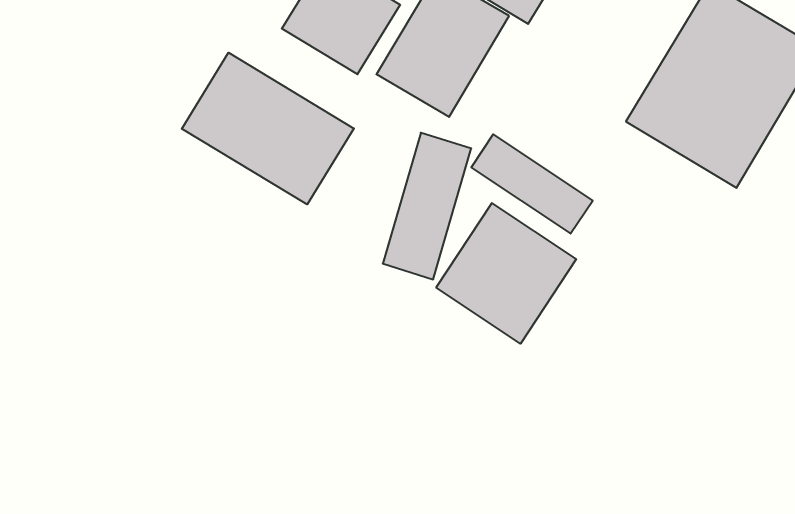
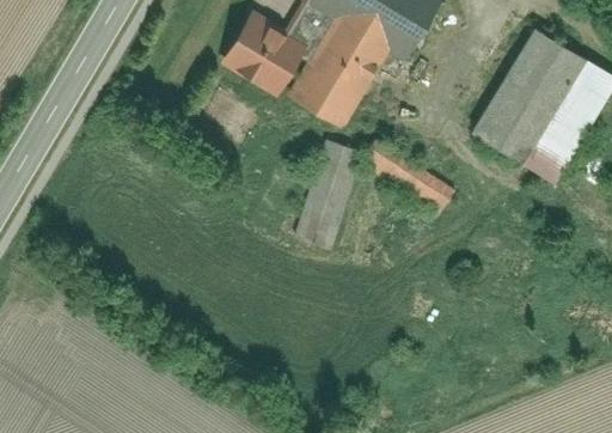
building: [182,53,354,204] -> none
building: [436,203,576,344] -> none

